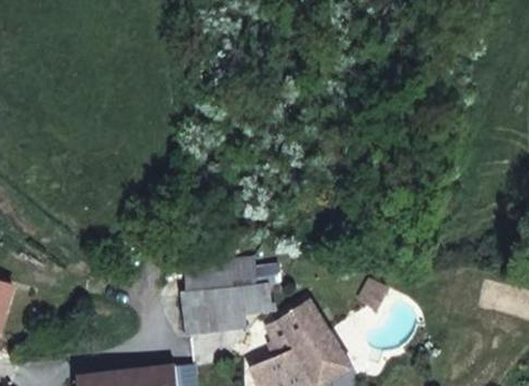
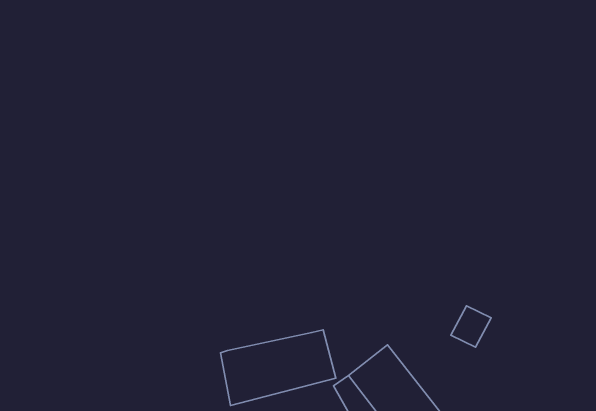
building: [185,257,253,292] -> none

